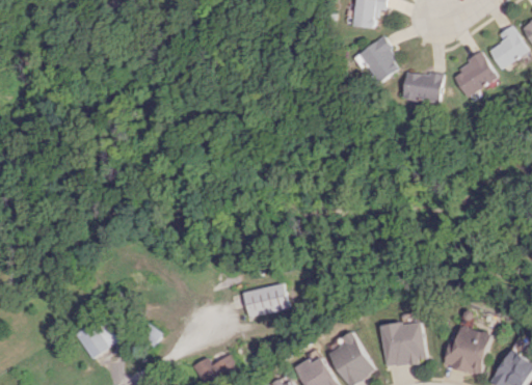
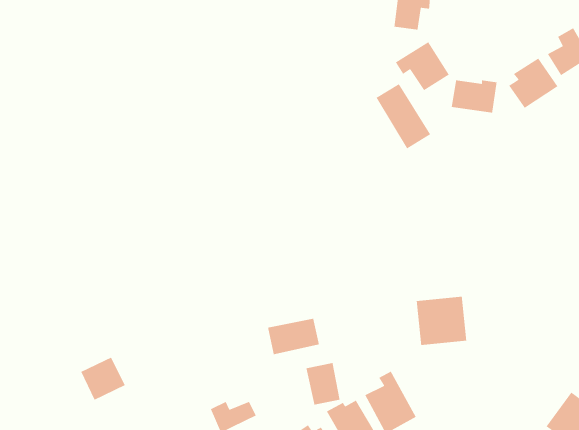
building: none -> [376,83,431,149]
building: [379,321,425,365] -> [416,296,467,346]
building: none -> [306,362,340,406]
building: [446,325,488,374] -> none

